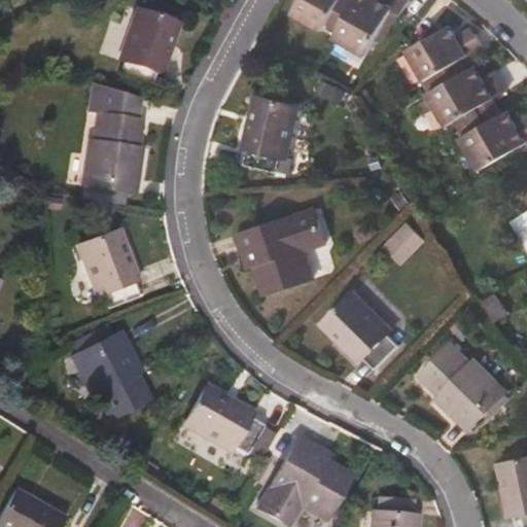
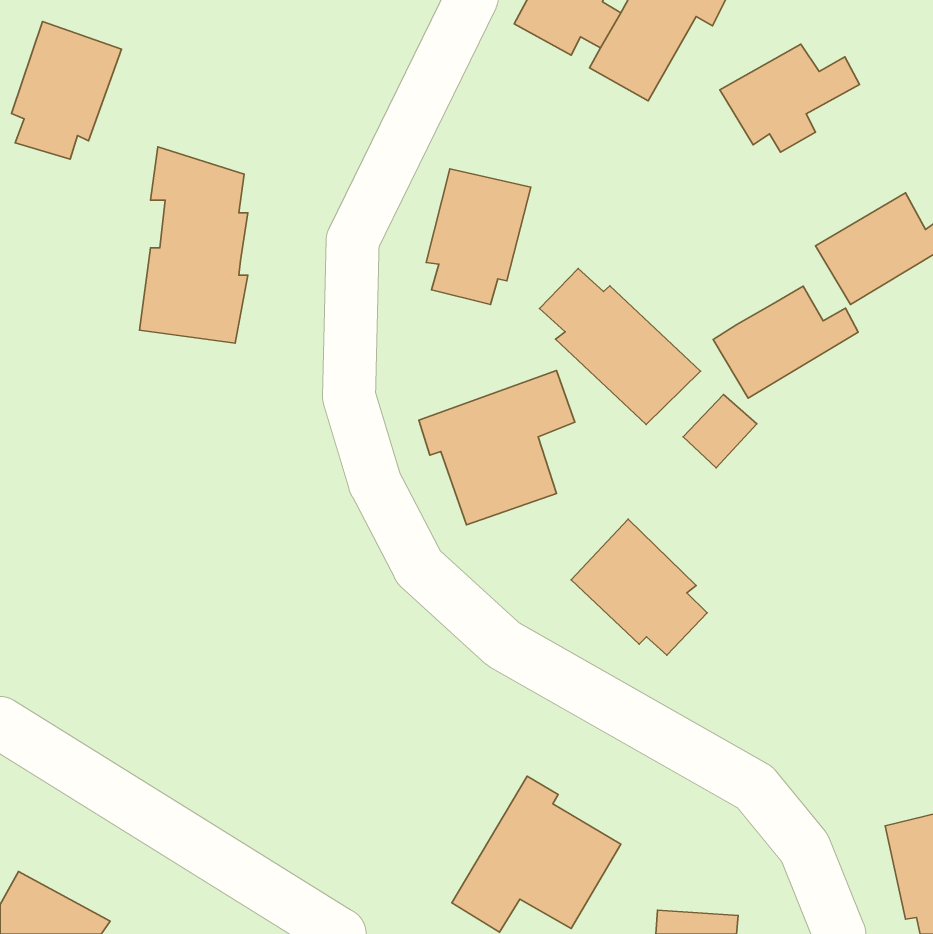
building: [117,8,179,85] -> [11,22,122,159]
building: [427,64,508,127] -> [713,286,858,398]
building: none -> [540,268,700,424]
building: [76,229,139,308] -> none
building: [70,330,149,420] -> none
building: [421,343,508,429] -> none
building: [183,385,261,454] -> none

